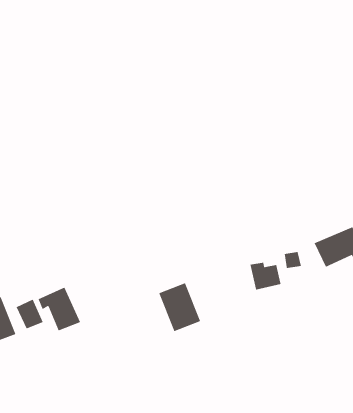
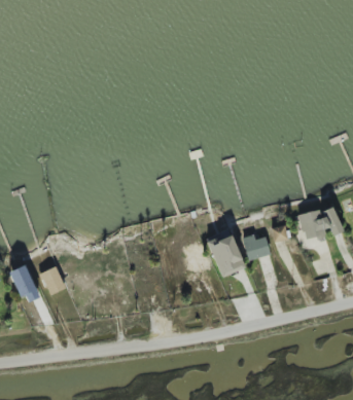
building: [158,282,201,332] -> [207,231,244,275]
building: [38,286,81,331] -> none

